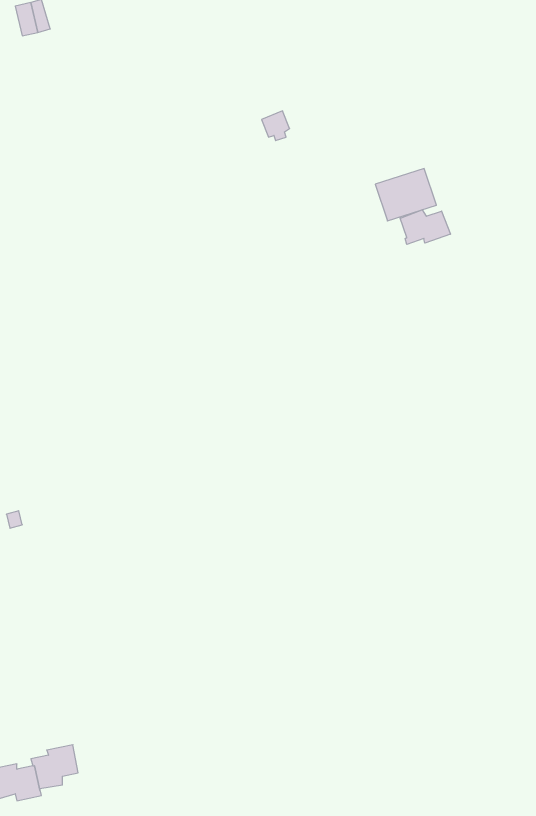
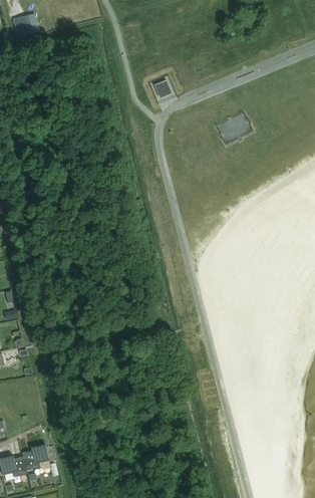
building: [400,210,450,244] -> none

